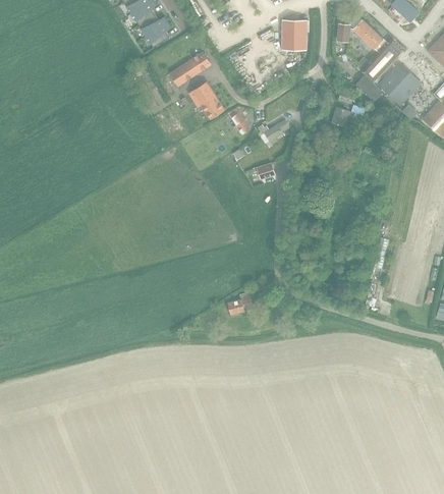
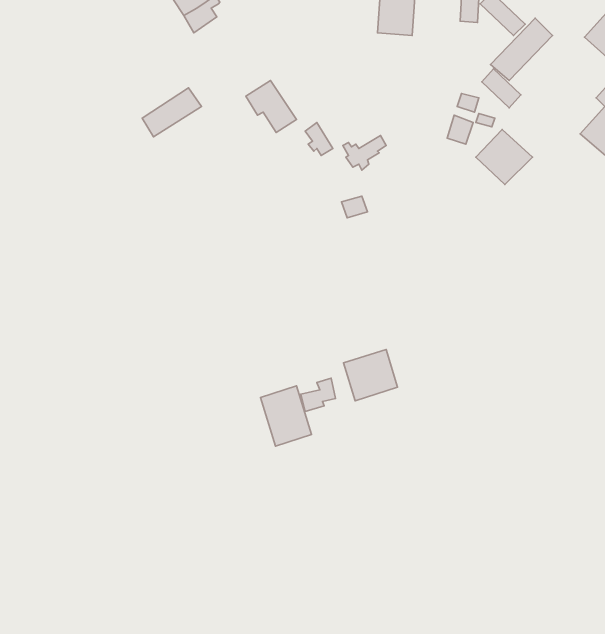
building: [169,51,211,86] -> [142,88,201,137]
building: [378,64,418,103] -> [476,130,532,185]
building: none -> [344,349,398,401]
building: none -> [261,386,312,446]

